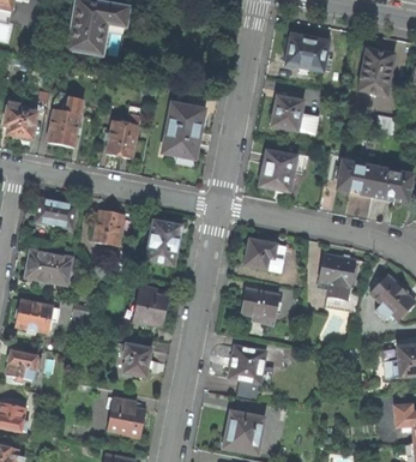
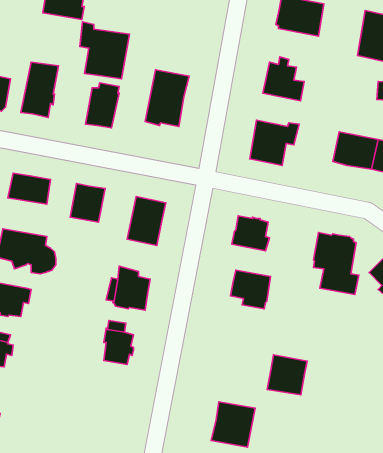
building: none -> [80,22,130,79]
building: [228,344,265,382] -> [267,355,307,395]
building: [108,397,145,437] -> none

